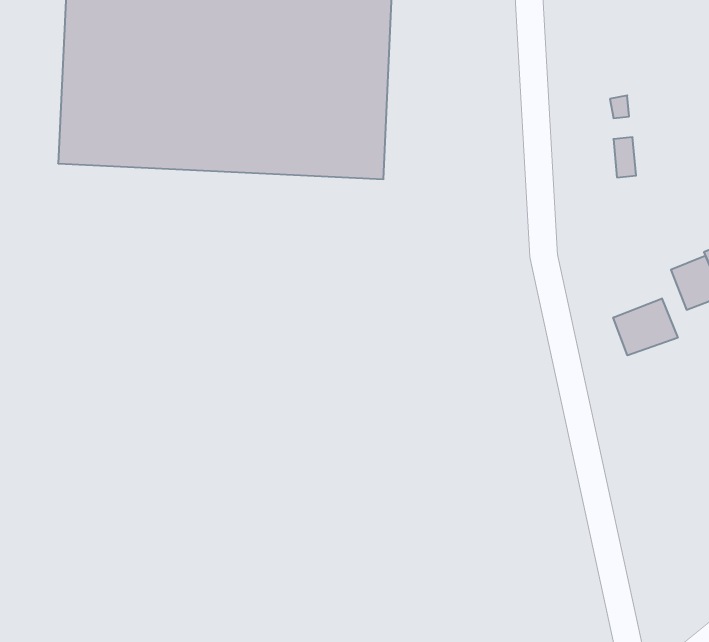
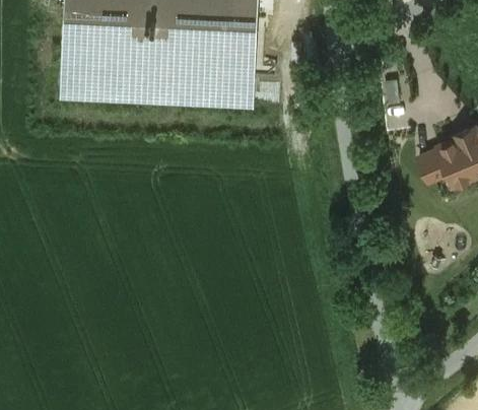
building: [613,298,678,355] -> none

